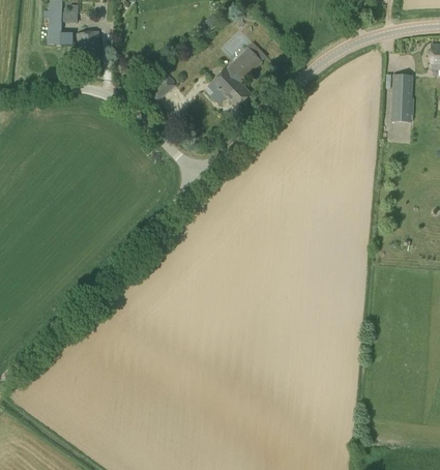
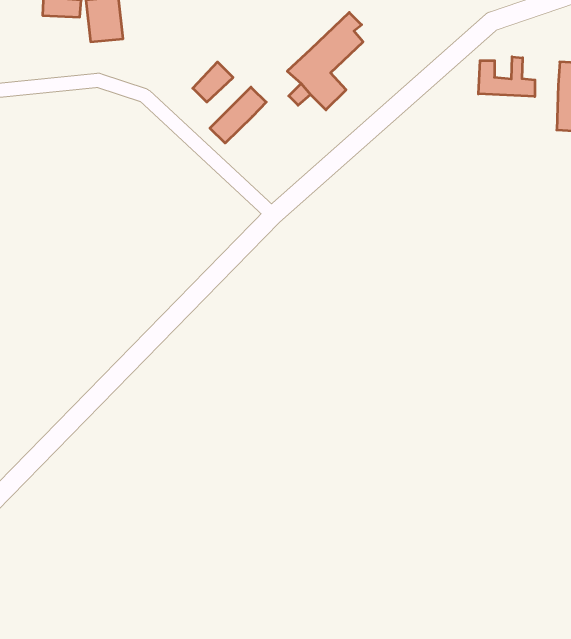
building: none -> [478,57,535,97]
building: none -> [210,87,266,143]

